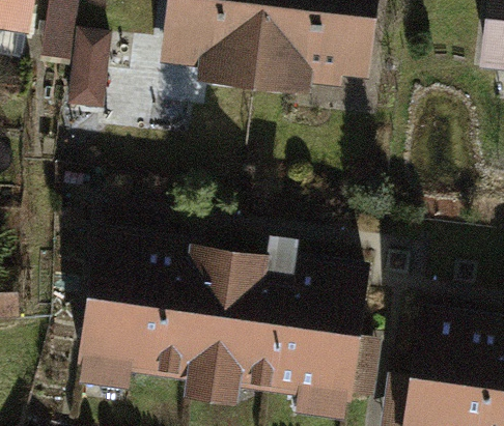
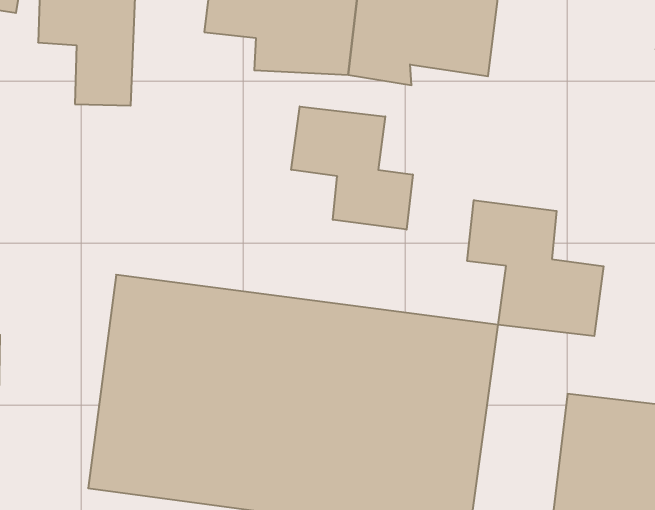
building: none -> [291,106,413,230]
building: none -> [467,200,604,336]

